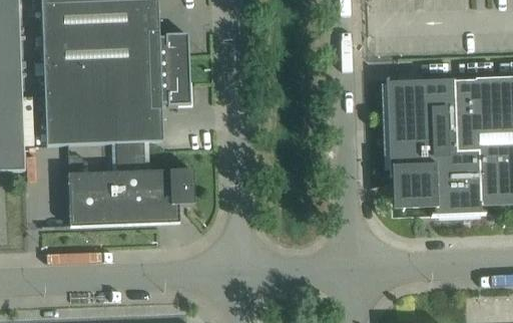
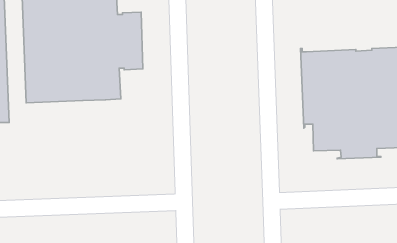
building: [41,140,194,226] -> none

